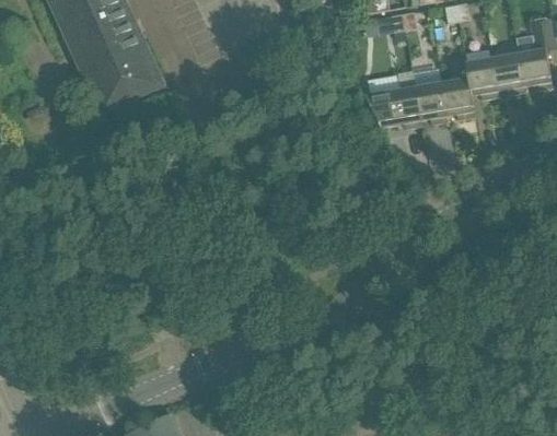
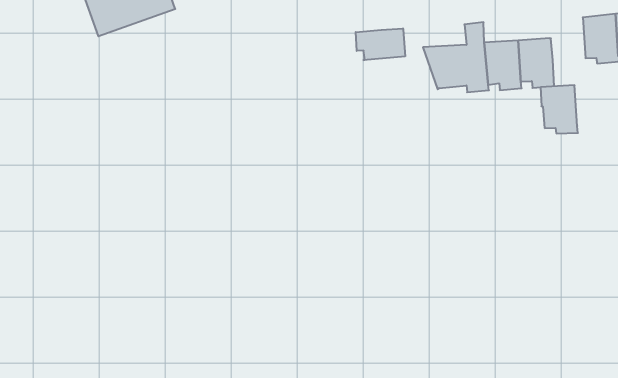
building: [464,56,498,96] -> [541,85,578,133]
building: none -> [356,28,405,60]

